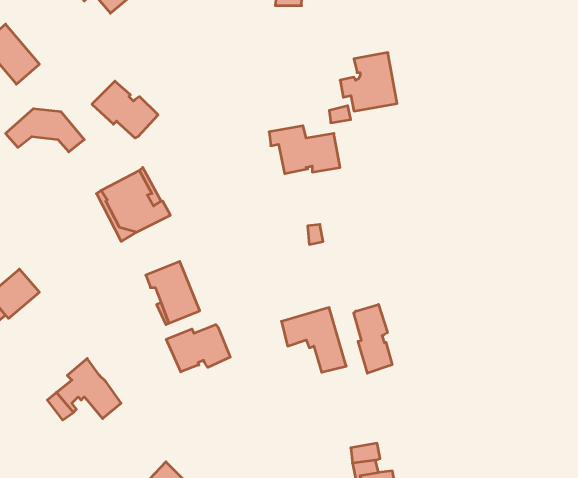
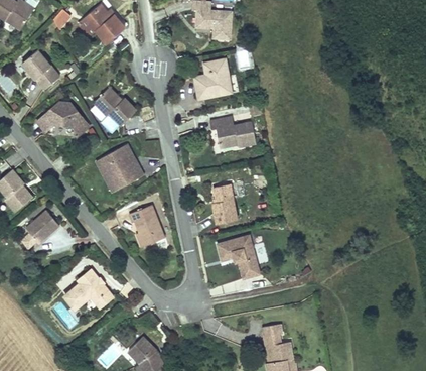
building: [340,53,397,111] -> [194,58,232,97]
building: none -> [212,183,237,223]
building: [354,304,392,373] -> none
building: [166,325,230,372] -> none

